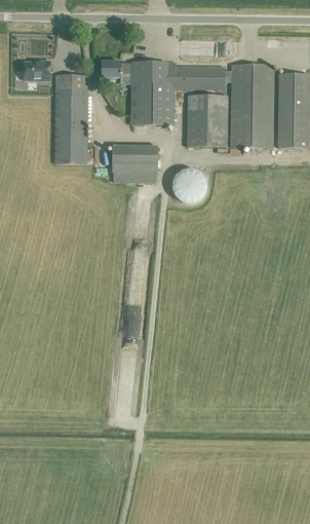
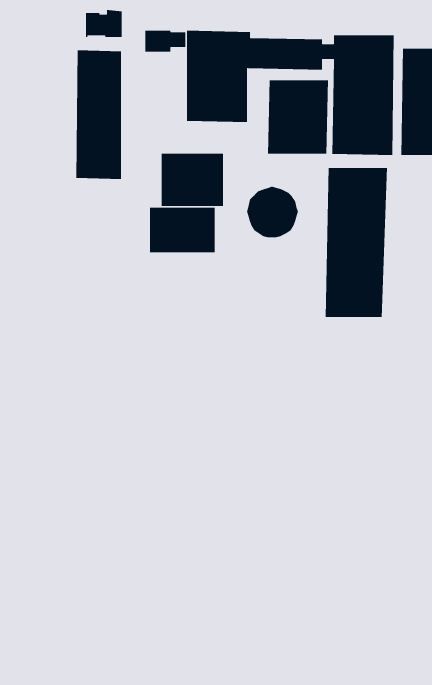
building: [24,60,49,79] -> [85,9,123,38]
building: none -> [325,167,388,318]
building: none -> [149,207,216,253]

